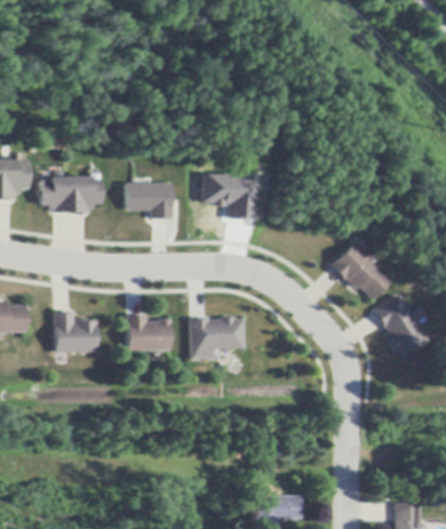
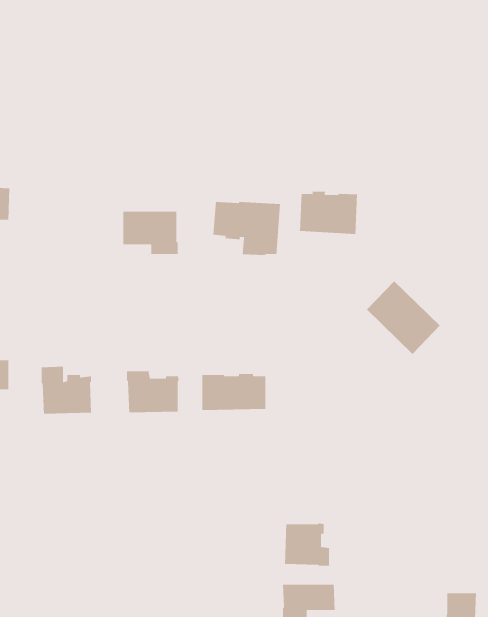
building: none -> [299,191,358,235]
building: [40,177,101,214] -> none
building: [374,291,428,356] -> none
building: none -> [284,522,330,566]

